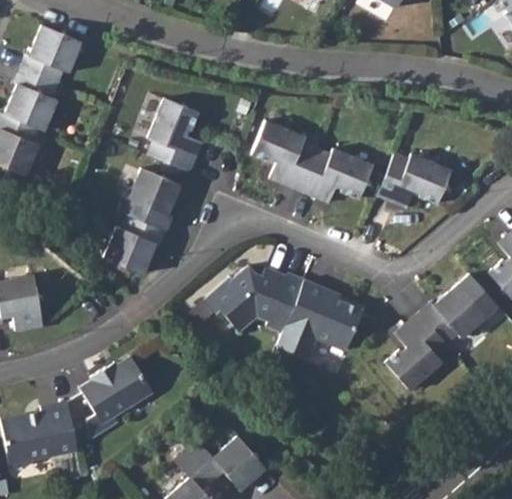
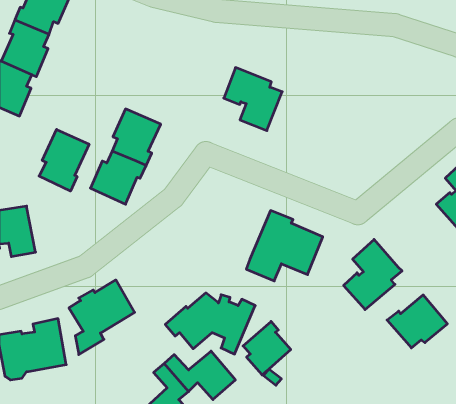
building: [148,98,202,172] -> none
building: [300,148,373,203] -> none
building: [377,154,451,208] -> none
building: none -> [39,129,89,191]
building: [204,266,304,334] -> [165,293,255,354]
building: [419,284,486,343] -> [387,295,447,348]
building: none -> [243,321,291,375]

